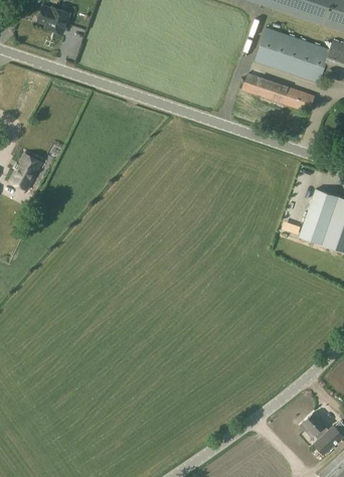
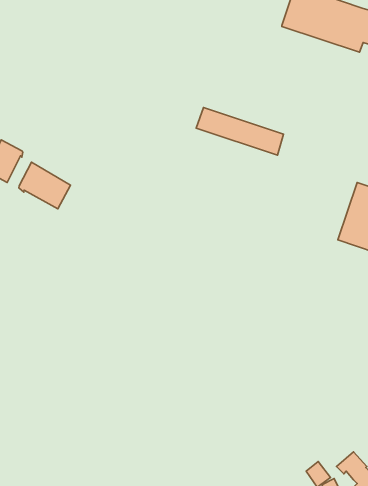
building: [241,72,314,112] -> [196,107,284,155]
building: none -> [19,162,71,209]

